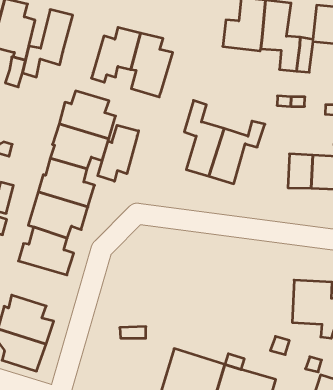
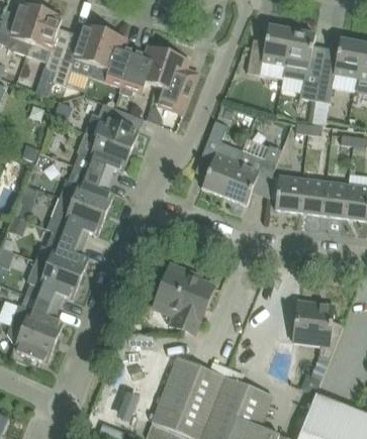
building: none -> [93,29,133,86]
building: [98,125,139,181] -> none
building: none -> [274,176,302,211]
building: none -> [155,264,213,334]
building: none -> [25,260,80,306]

